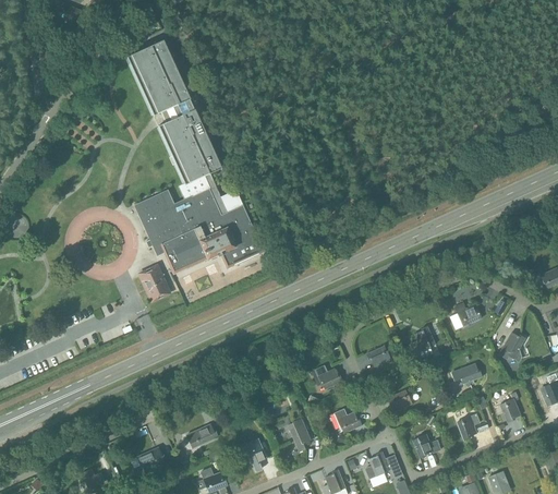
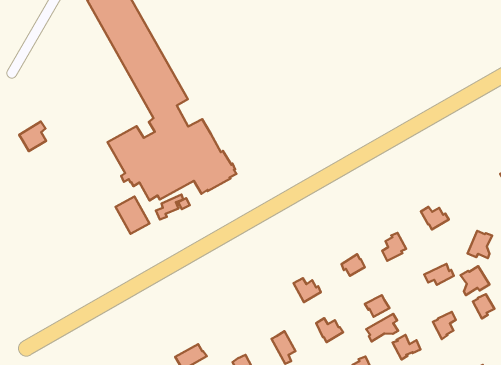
building: none -> [19,122,46,151]
building: none -> [461,266,490,295]
building: none -> [366,314,398,341]

